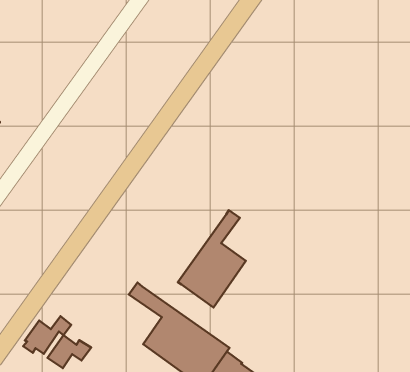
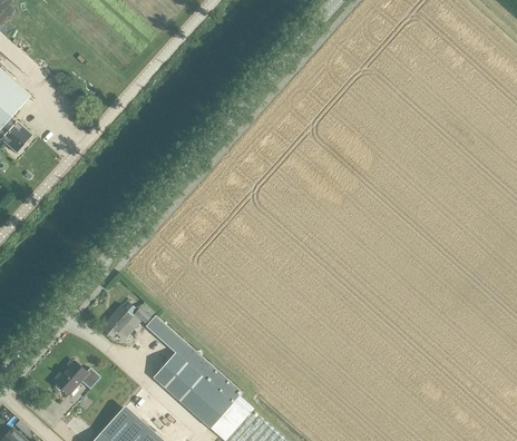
building: [178,210,246,307] -> none
building: [23,316,71,354] -> [103,303,154,340]

